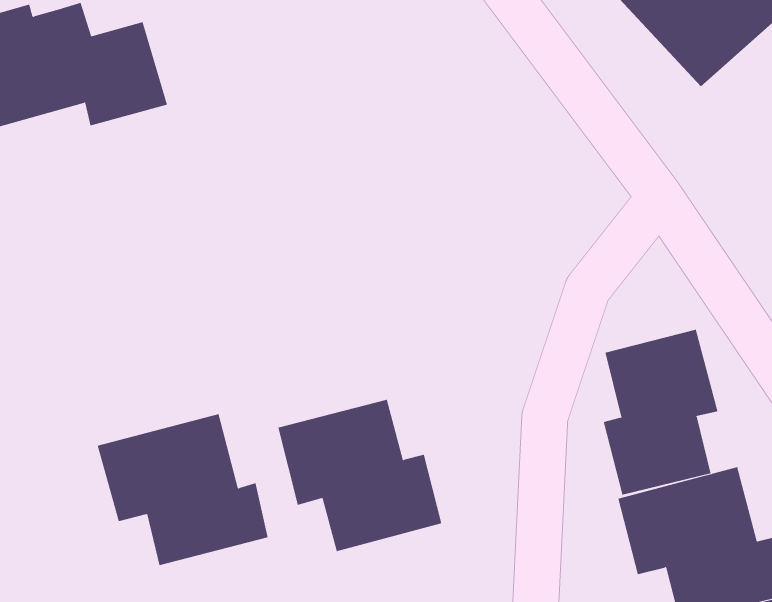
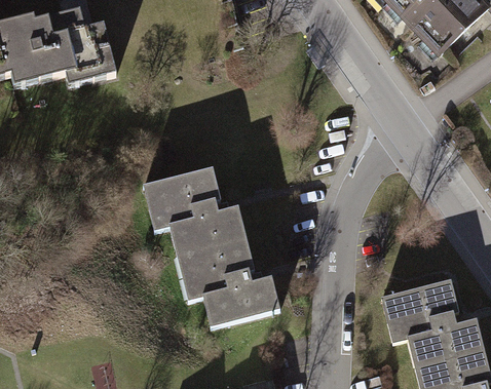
building: [603,329,718,496] -> none
building: [97,414,269,566] -> [146,166,245,255]

